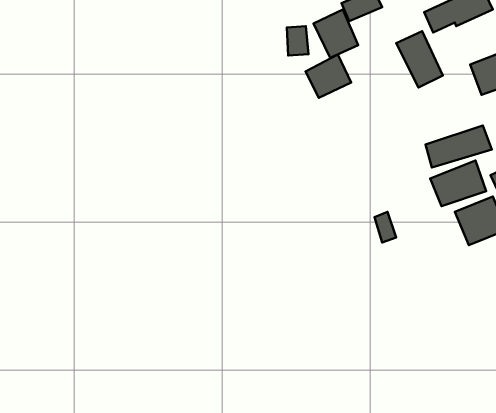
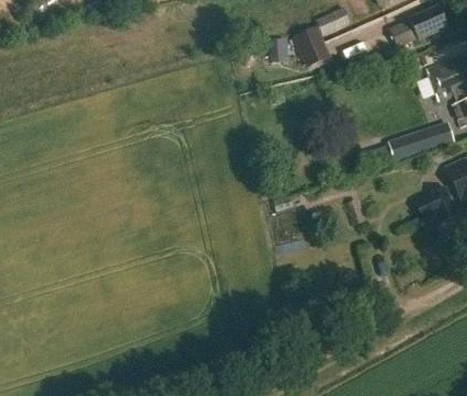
building: [396,31,443,88] -> none
building: [306,54,351,98] -> none
building: [430,161,486,206] -> none

